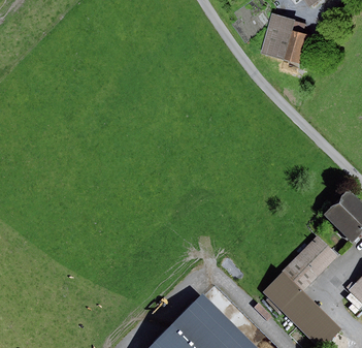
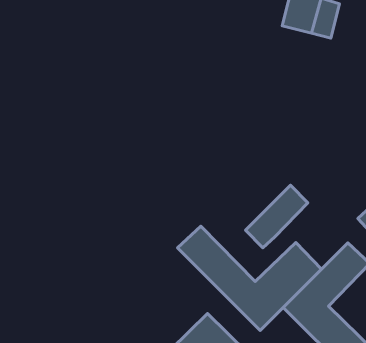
building: none -> [245,185,308,248]
building: none -> [178,226,321,330]

